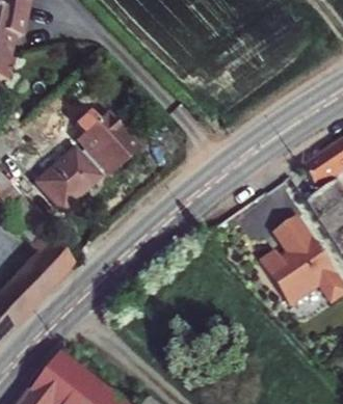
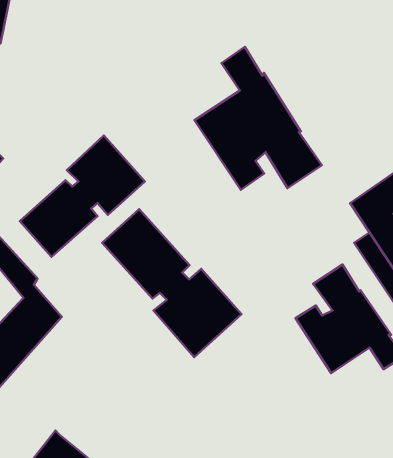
building: none -> [194,47,322,190]
building: none -> [102,209,242,357]

